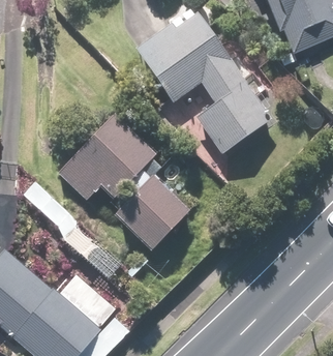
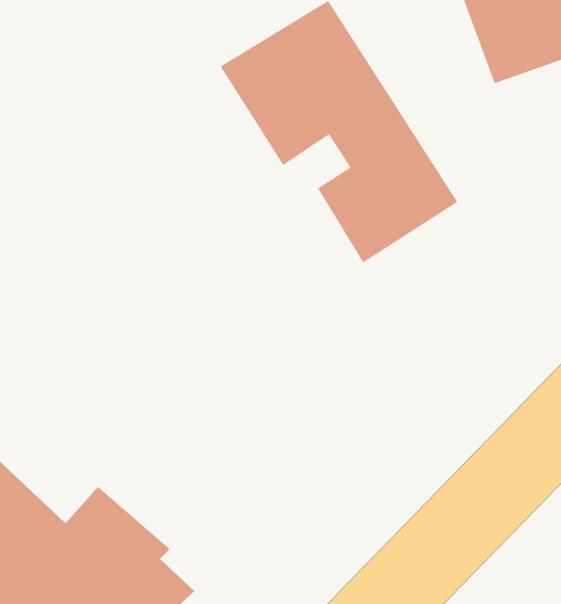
building: [55,113,191,248] -> none

